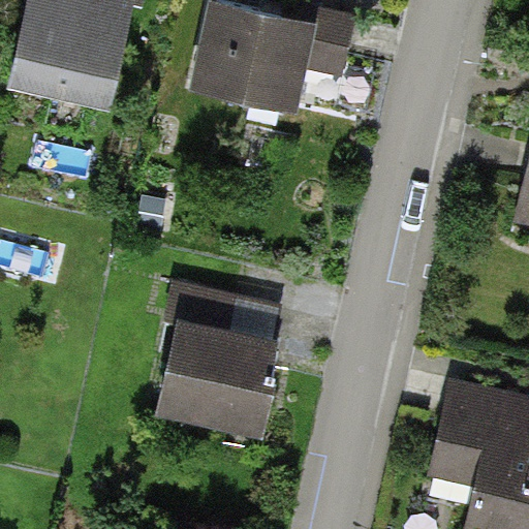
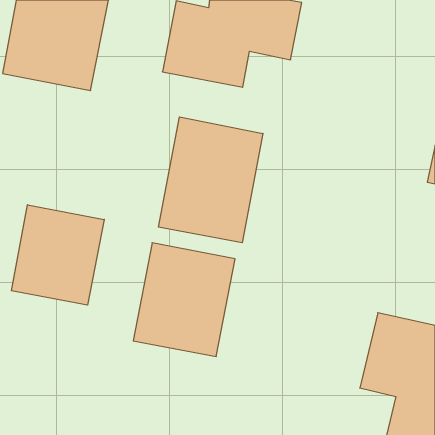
building: none -> [159,117,263,243]
building: none -> [11,205,104,305]

